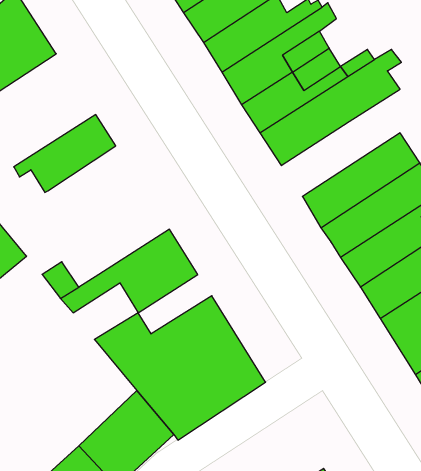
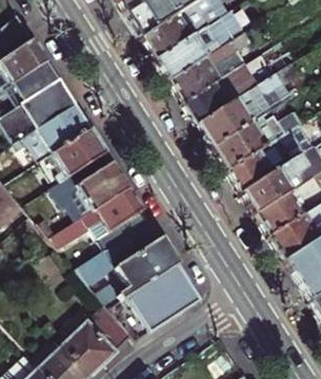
building: none -> [9,61,74,143]
building: none -> [209,107,298,165]
building: none -> [39,128,104,181]
building: none -> [52,162,128,221]

